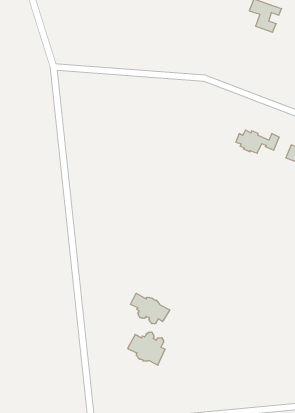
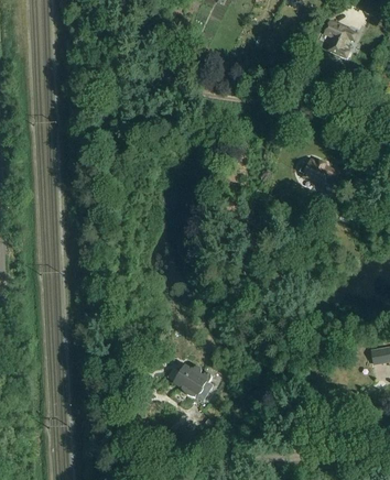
building: [131,293,170,324] -> none

